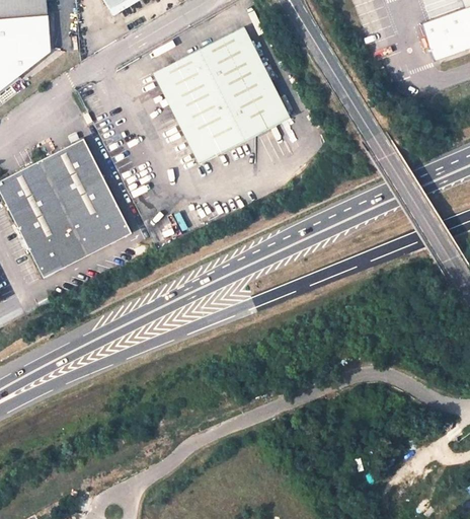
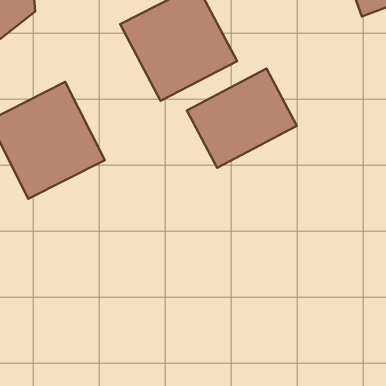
building: none -> [187,68,297,168]

